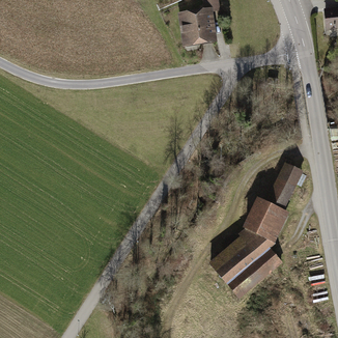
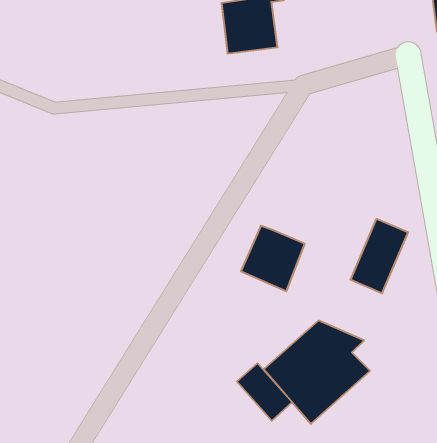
building: [245,199,288,244] -> [241,226,305,291]
building: none -> [237,363,292,421]

